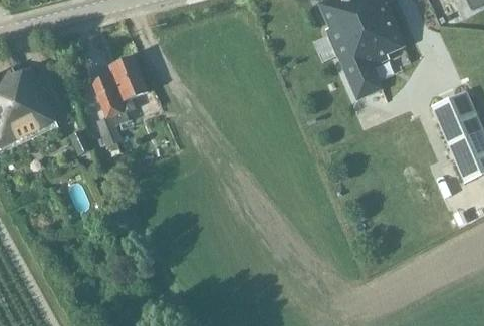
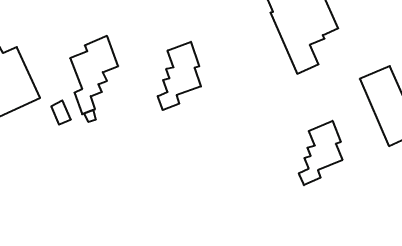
building: none -> [158,42,201,110]
building: none -> [299,121,342,185]

